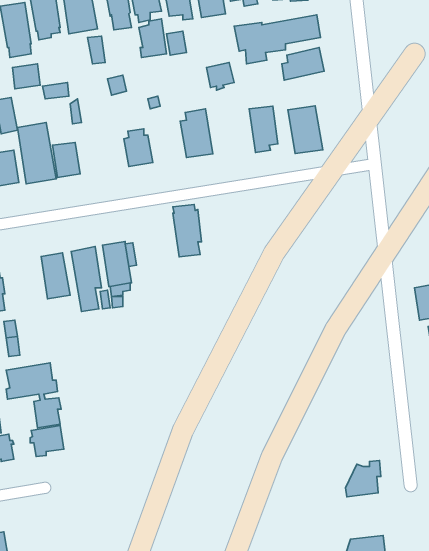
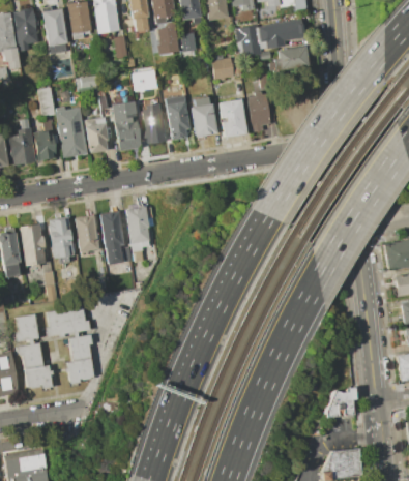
building: [288,106,323,154] -> [218,98,247,138]
building: none -> [112,100,143,150]
building: [173,204,202,257] -> [167,96,191,140]
building: none -> [48,217,75,263]

